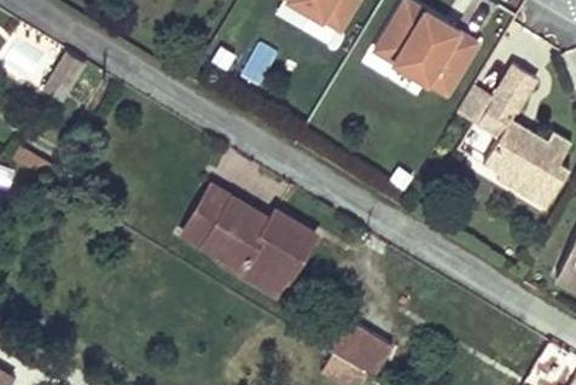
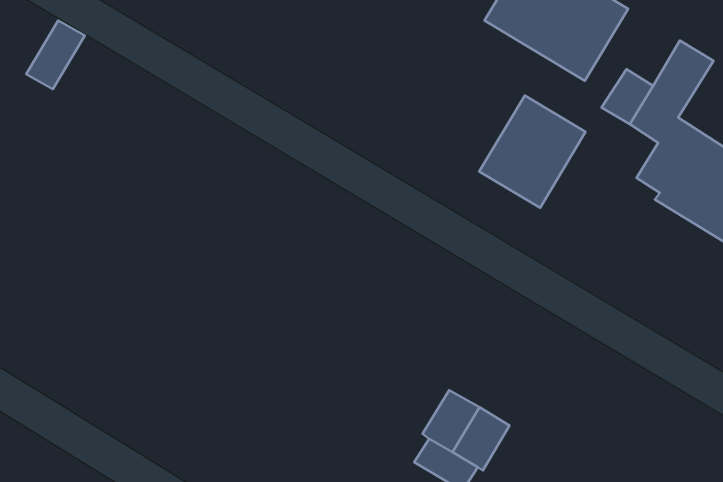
building: none -> [479,96,586,208]
building: [184,187,314,298] -> none

